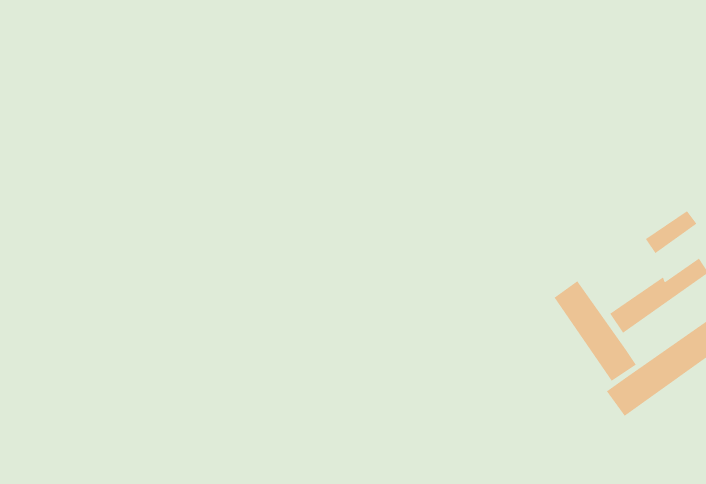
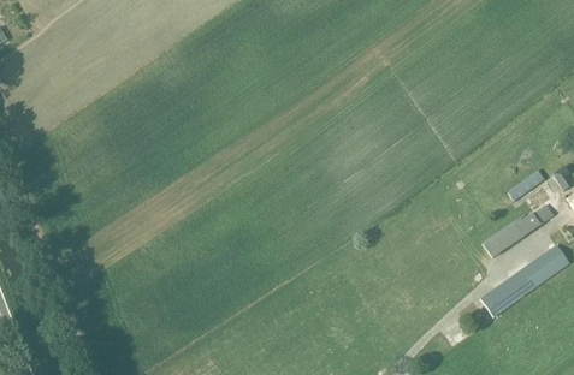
building: [554,280,637,382] -> none

